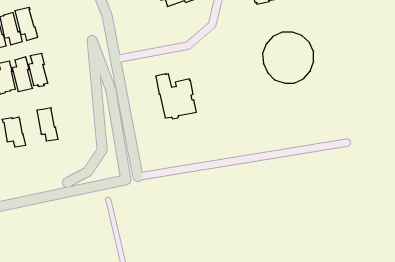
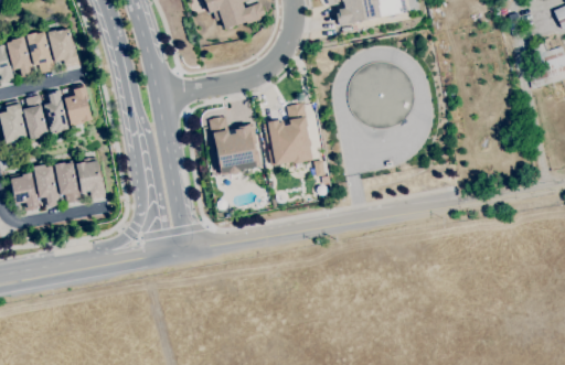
building: none -> [49,28,81,67]
building: none -> [65,84,93,126]
building: none -> [264,103,313,164]
building: none -> [77,157,107,198]
building: none -> [34,163,62,207]

